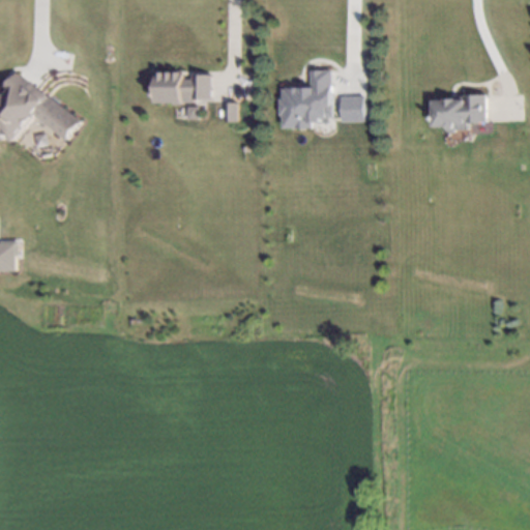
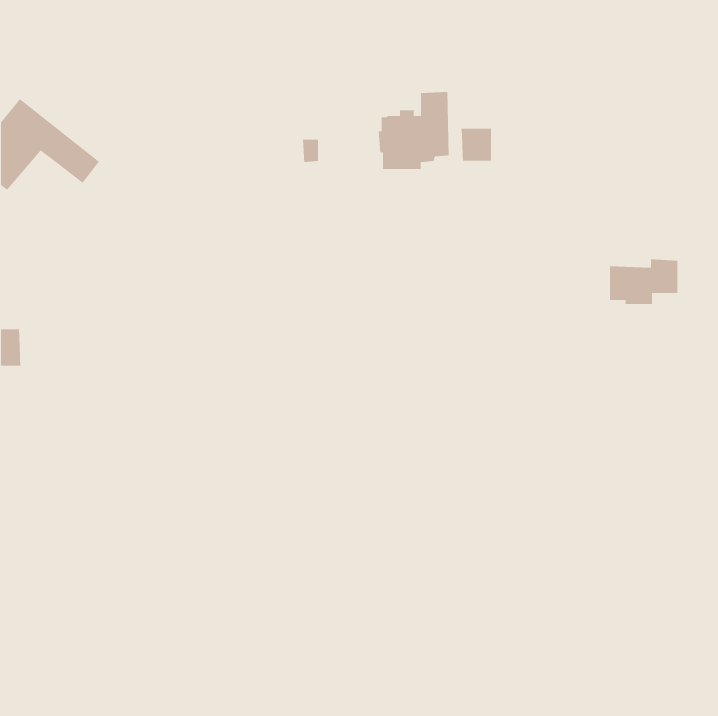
building: [154,76,209,104] -> none
building: [432,93,482,127] -> [609,259,678,305]

